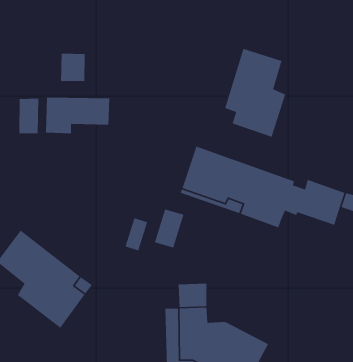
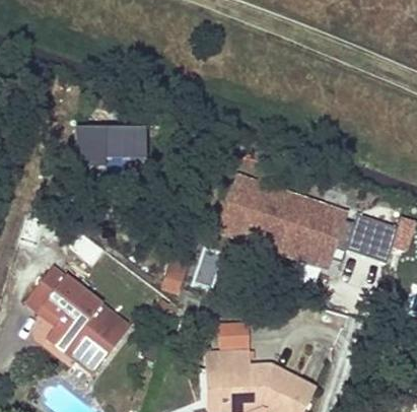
building: [224,48,286,138] -> none
building: [60,53,86,82] -> none
building: [18,98,39,134] -> none

